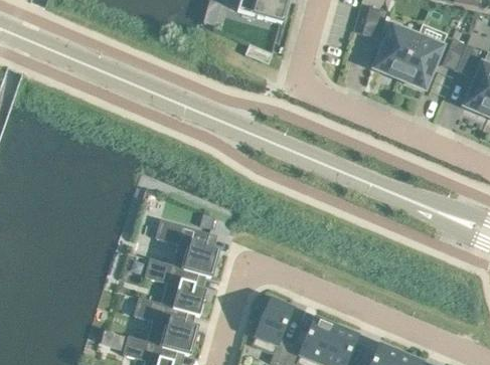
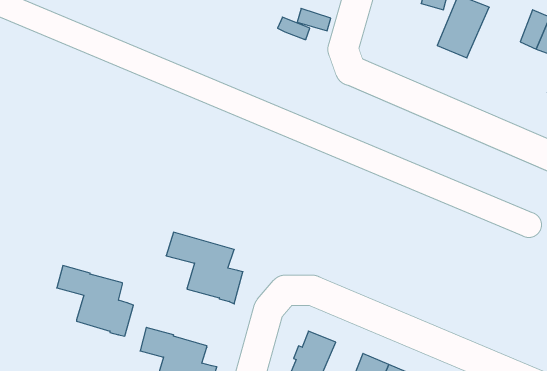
building: [398,35,441,87] -> none
building: [144,257,206,315] -> [57,266,133,336]

